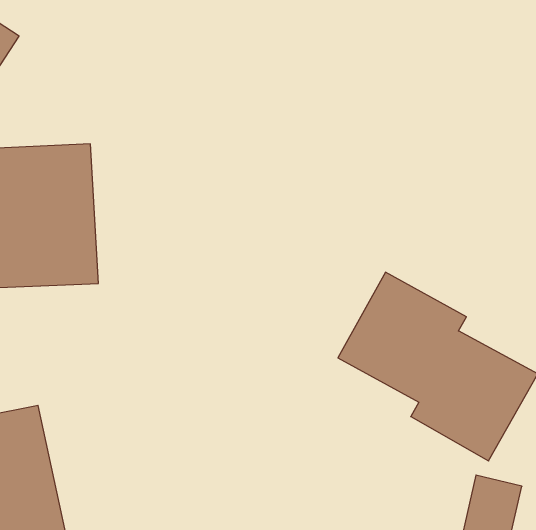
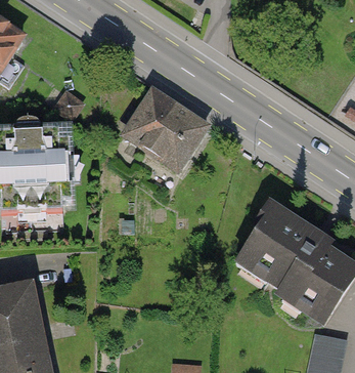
building: none -> [121,87,212,178]

